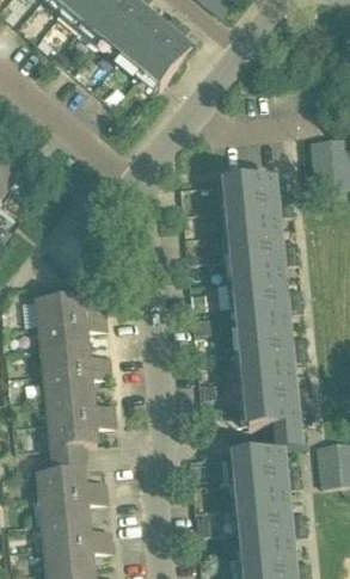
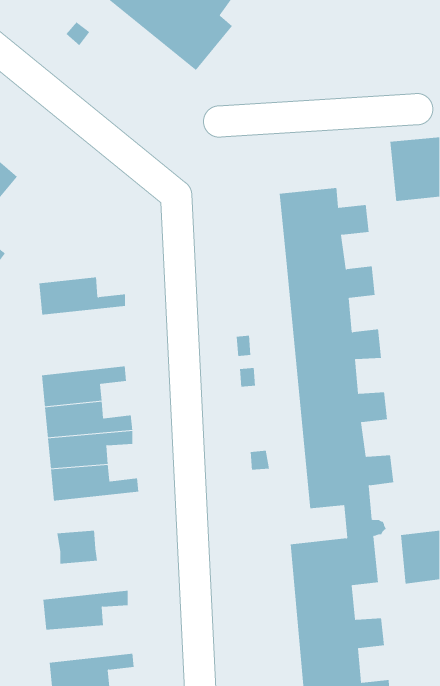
building: [36,295,104,325] -> [38,277,126,315]
building: [48,415,116,448] -> none
building: [37,469,106,499] -> none
building: [42,519,110,548] -> none

